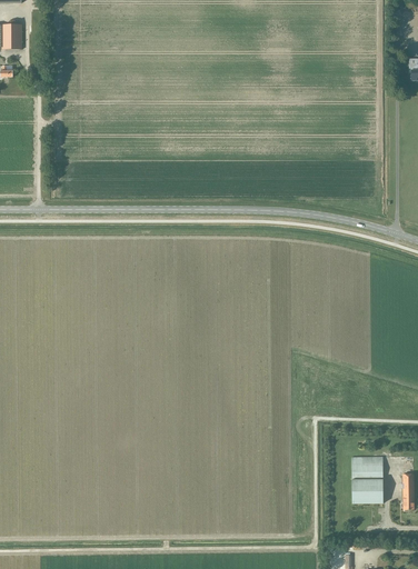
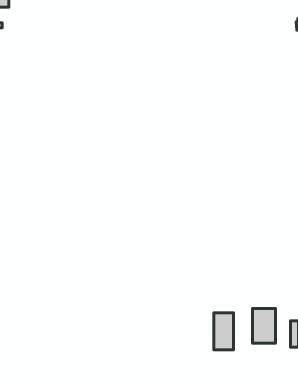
building: none -> [214,313,234,350]

